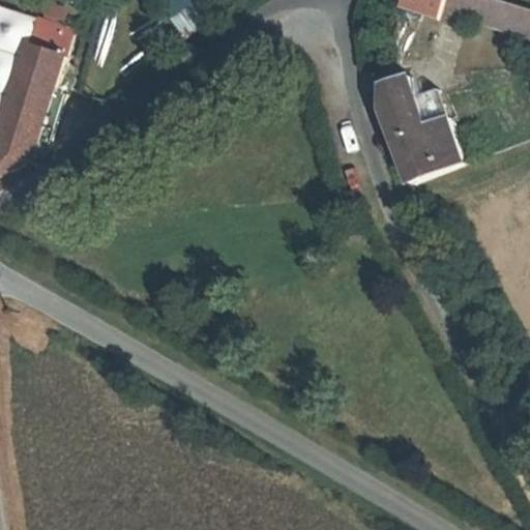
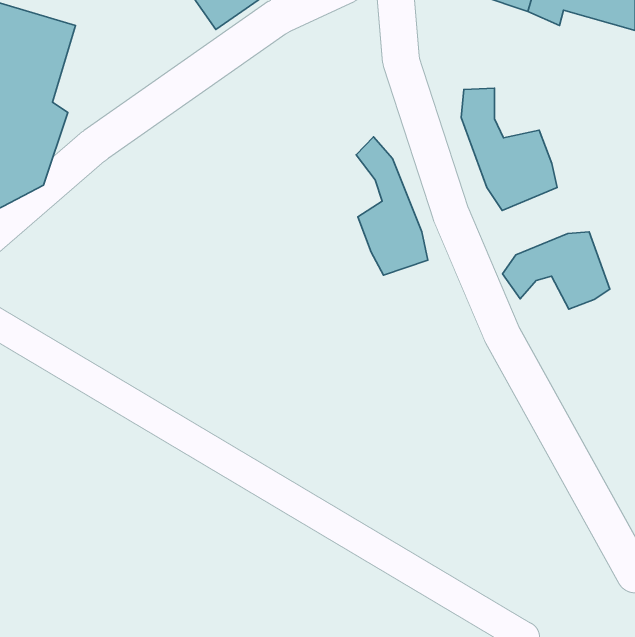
building: none -> [356,137,428,275]
building: none -> [503,232,610,309]

